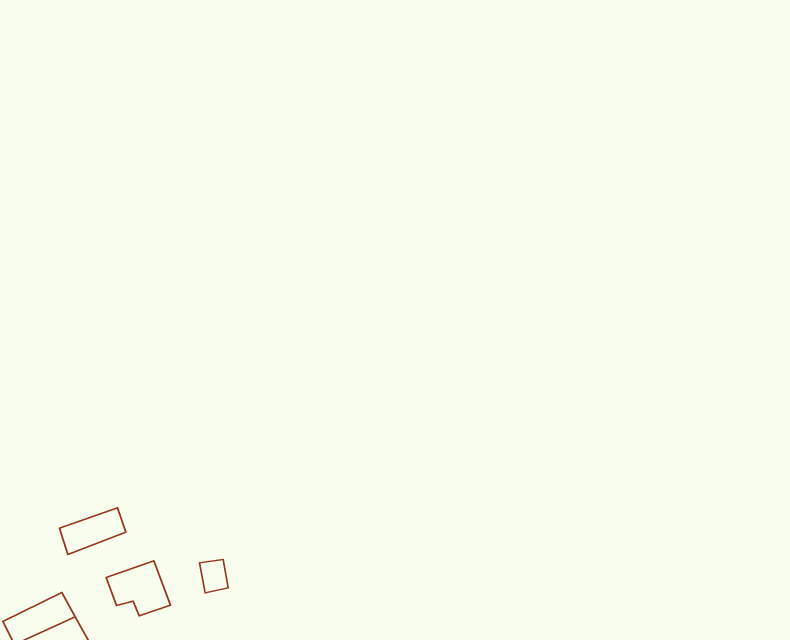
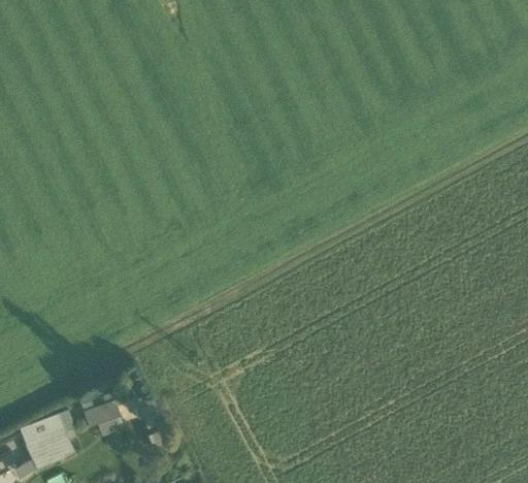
building: [60,508,126,555] -> none

